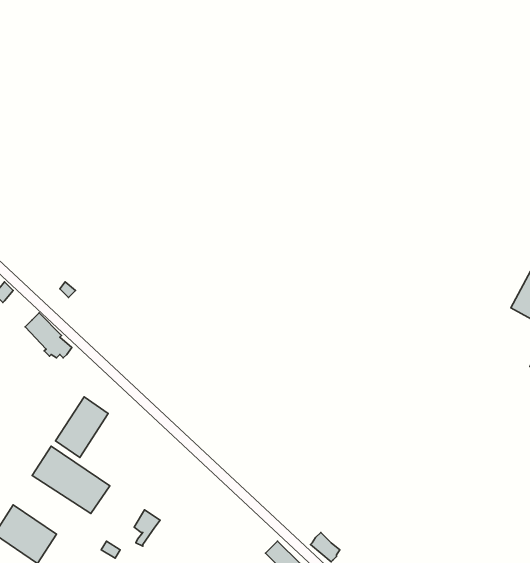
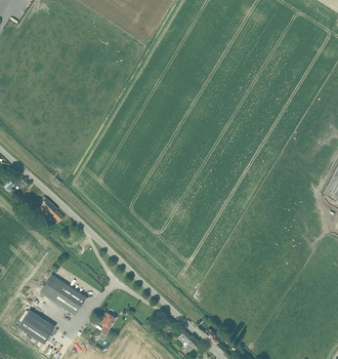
building: [56,397,108,458] -> none

